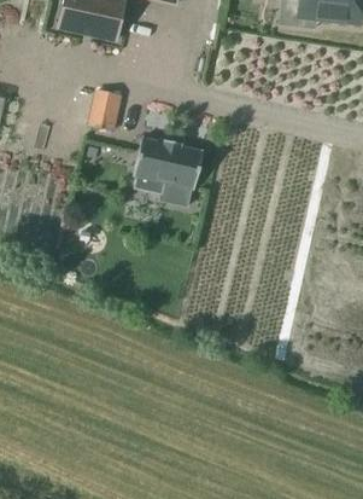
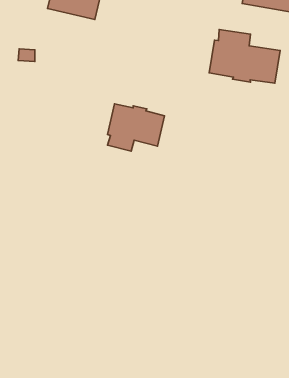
building: none -> [209,30,280,83]
building: [88,89,119,128] -> none

